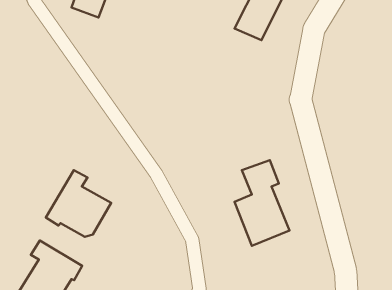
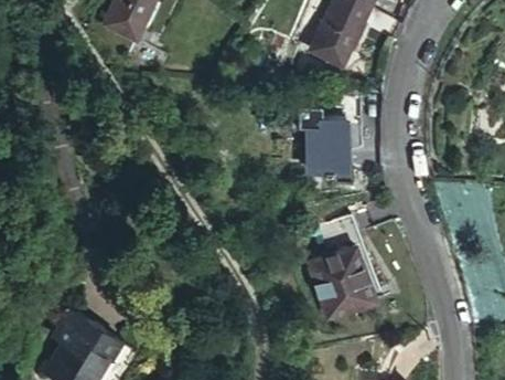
building: none -> [304,116,346,173]
building: [46,170,111,237] -> none

